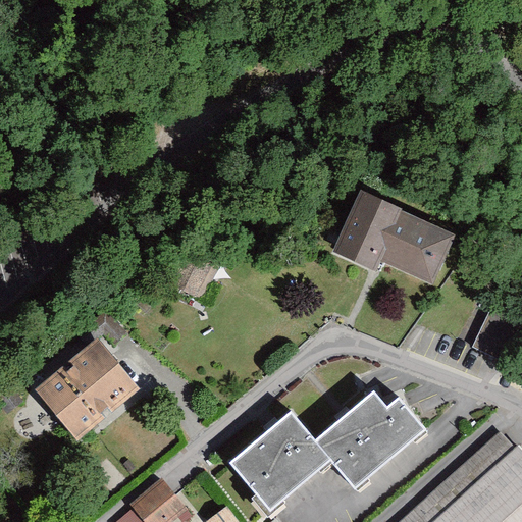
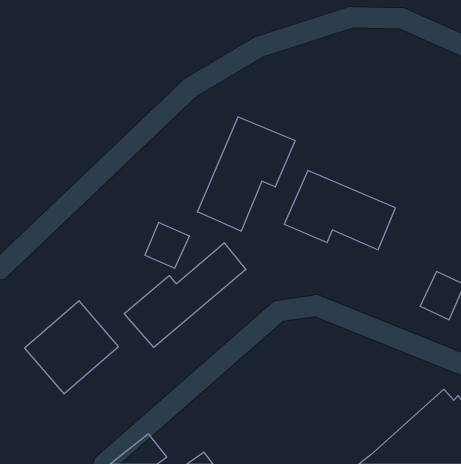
building: none -> [197,117,295,231]
building: none -> [124,243,246,347]
building: [227,392,429,514] -> none

